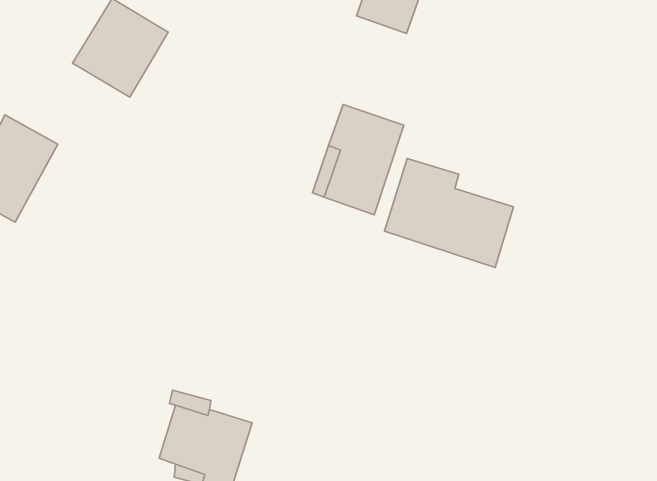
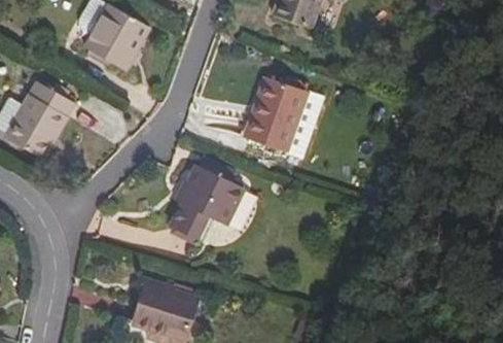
building: [385,159,514,268] -> none
building: none -> [183,165,251,244]

